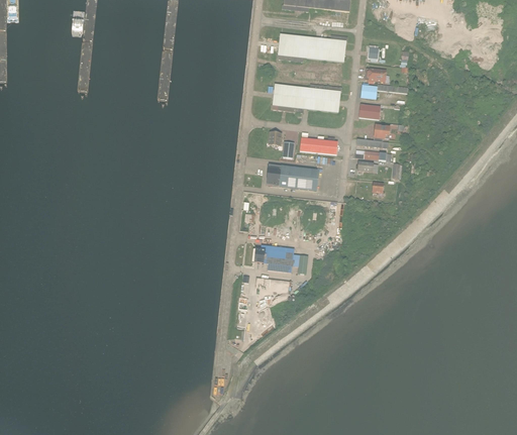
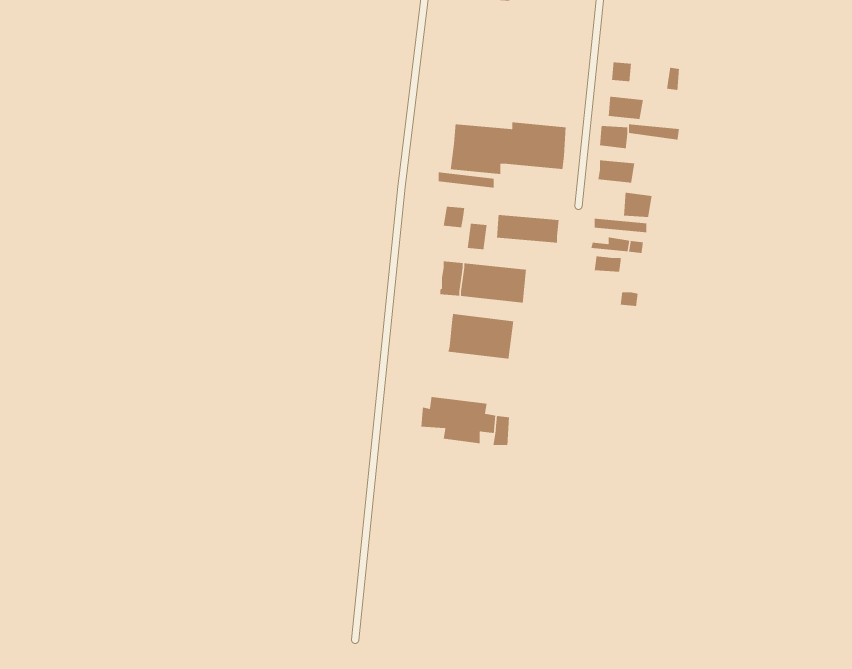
building: [277,33,344,62] -> none
building: none -> [448,313,514,360]

